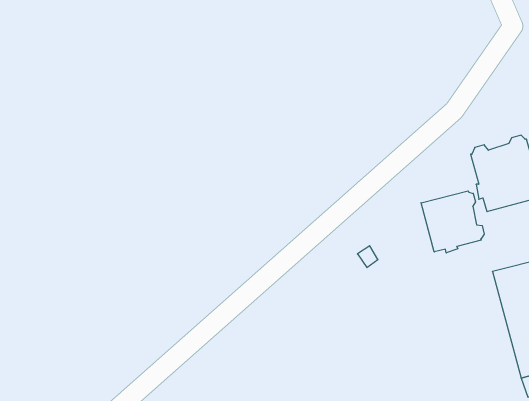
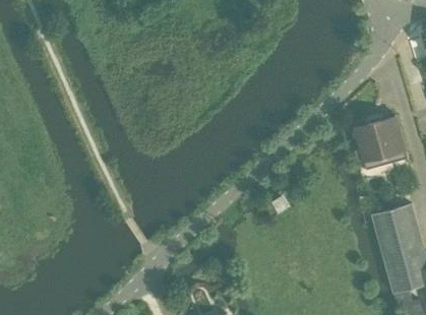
building: [421,191,484,253] -> none

